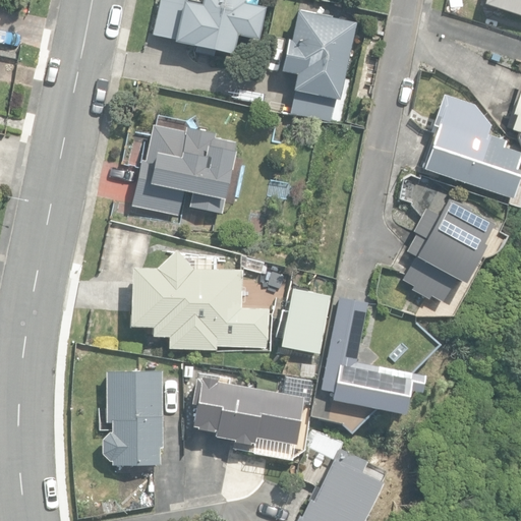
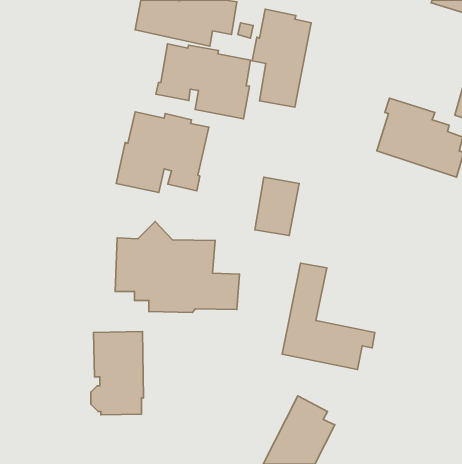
building: none -> [156,44,251,119]
building: [402,198,493,301] -> none
building: [280,287,330,352] -> [255,177,299,235]
building: [193,374,304,455] -> none

